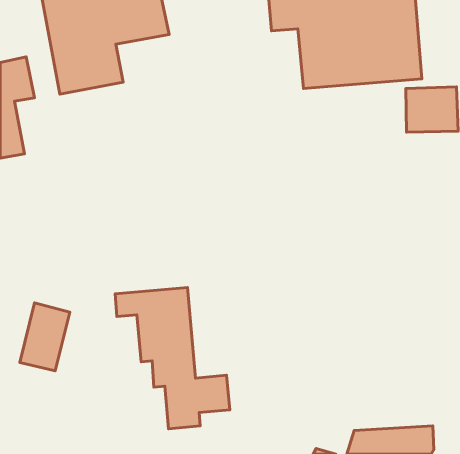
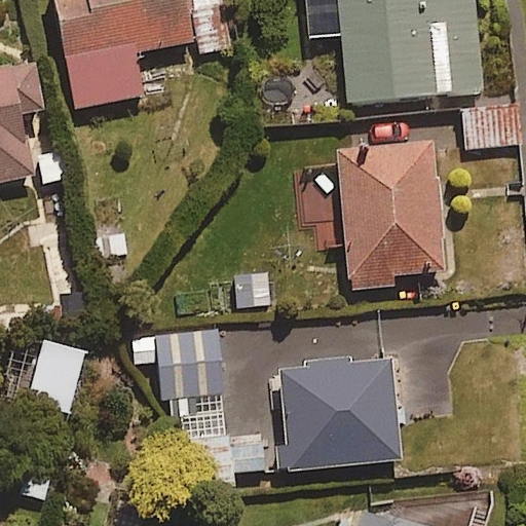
building: none -> [339,144,444,287]
building: none -> [277,359,399,471]

